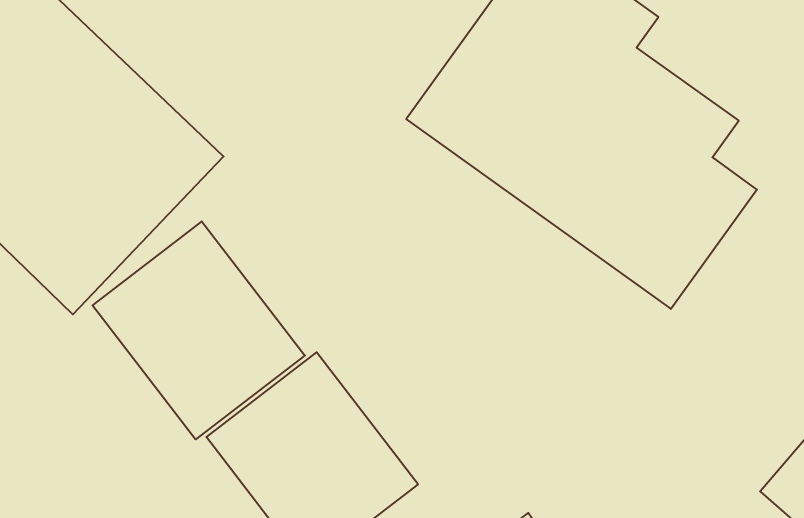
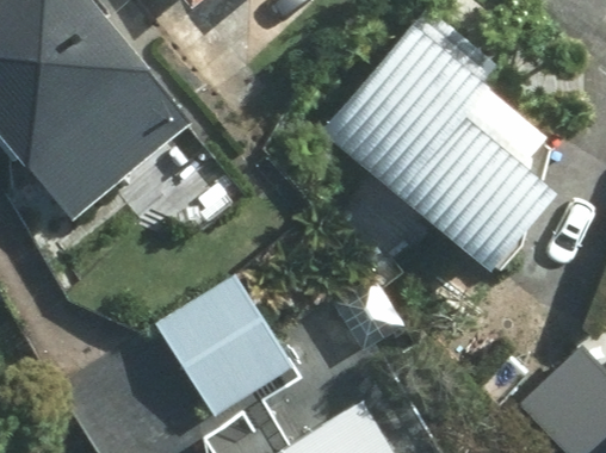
building: [93,221,305,439] -> none

